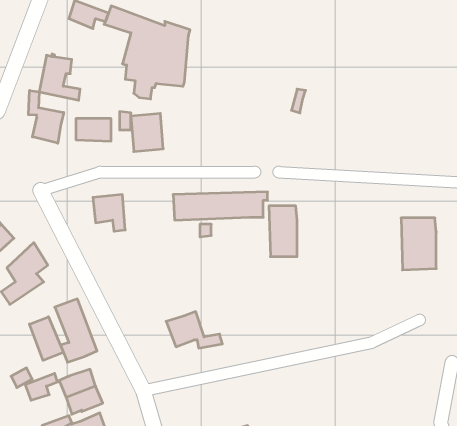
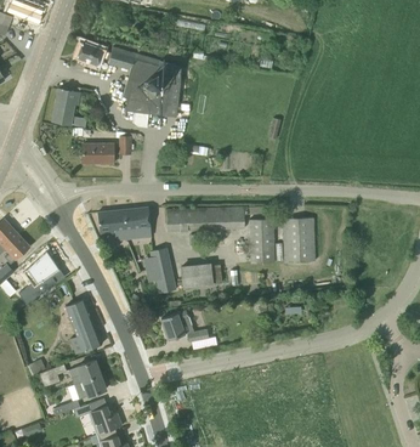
building: [28,90,64,143] -> none
building: [131,113,163,152] -> [123,206,151,239]
building: [401,218,436,270] -> [283,217,313,262]
building: none -> [148,245,175,292]
building: none -> [180,262,222,288]
building: [29,317,63,360] -> none

